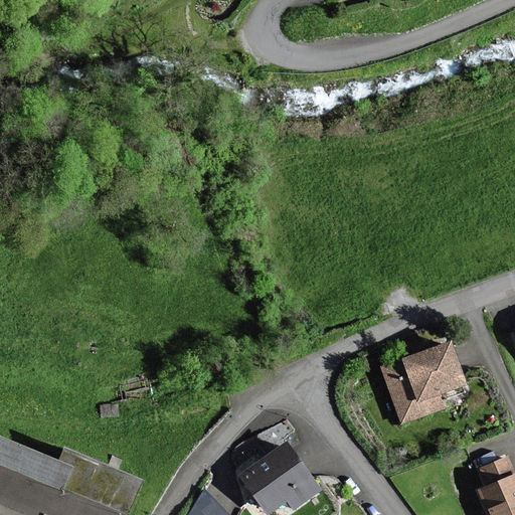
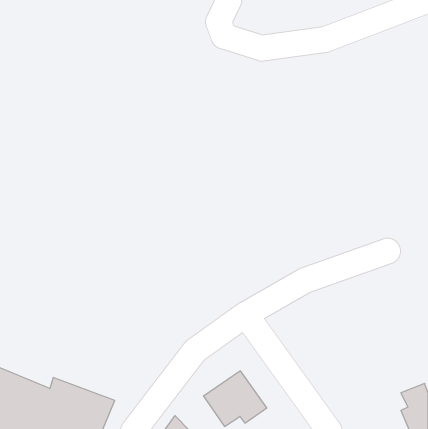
building: [380,344,464,421] -> none

